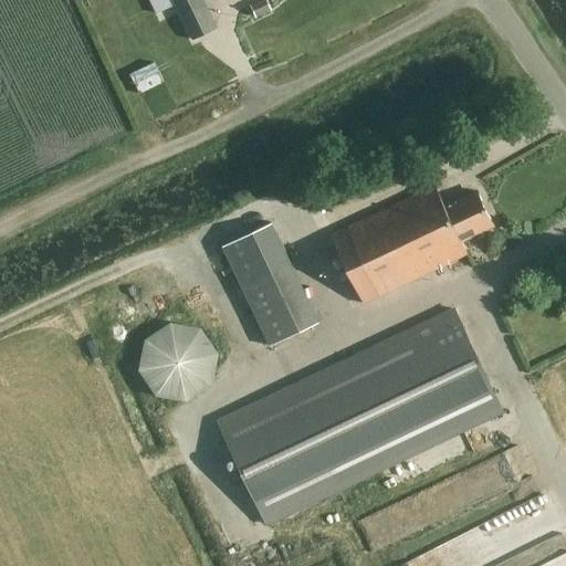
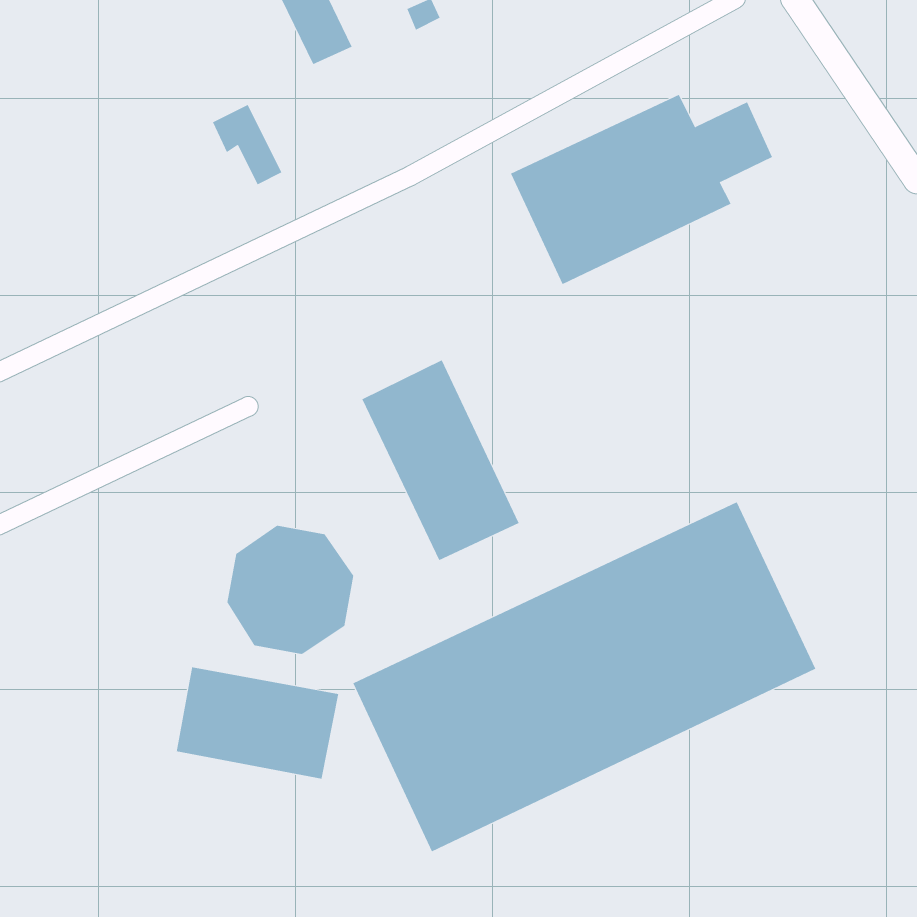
building: [331,186,492,303] -> [510,94,773,285]
building: none -> [176,666,339,779]

